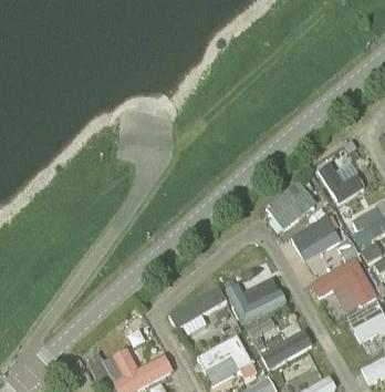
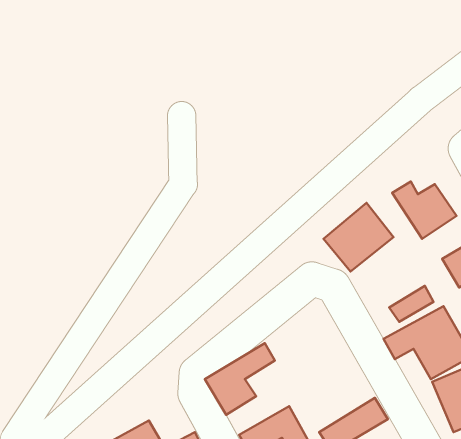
building: [290,216,341,261] -> none
building: [225,280,285,323] -> none

